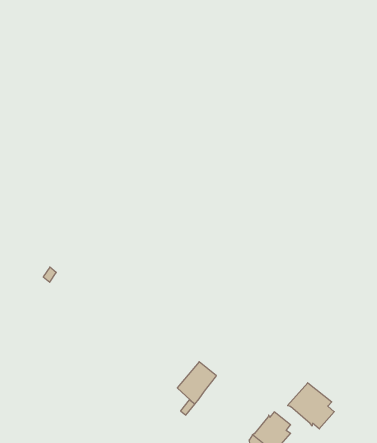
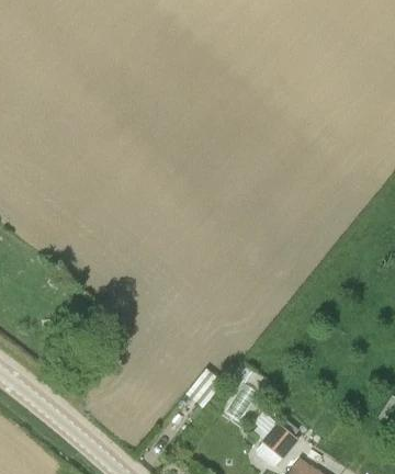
building: [288,383,334,429] -> none

